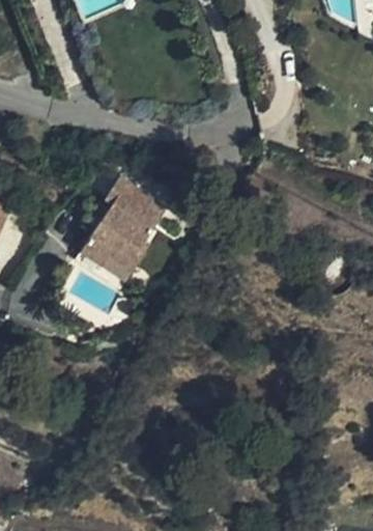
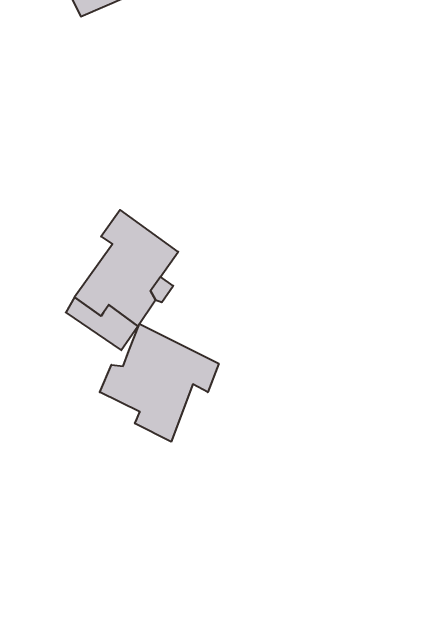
building: none -> [100,324,219,442]

